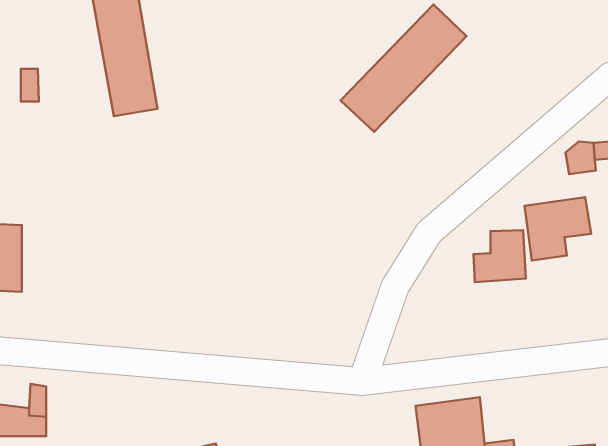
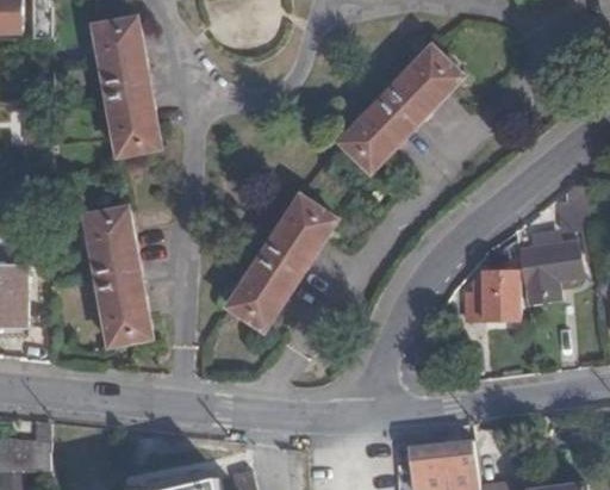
building: none -> [226,197,335,331]
building: none -> [83,209,150,347]

